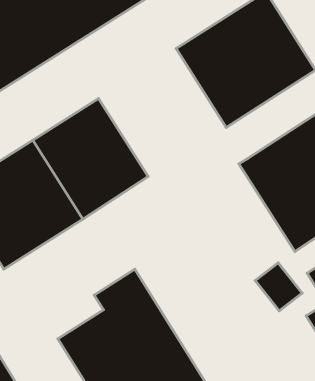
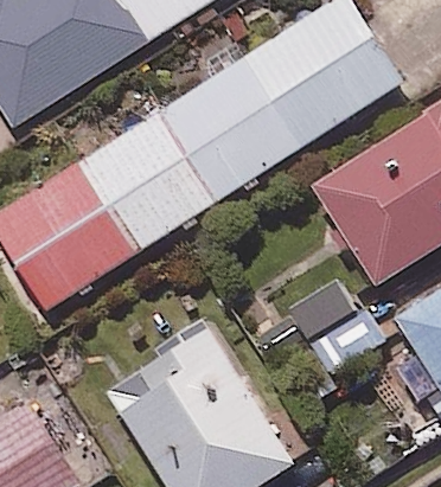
building: none -> [154,59,300,205]

